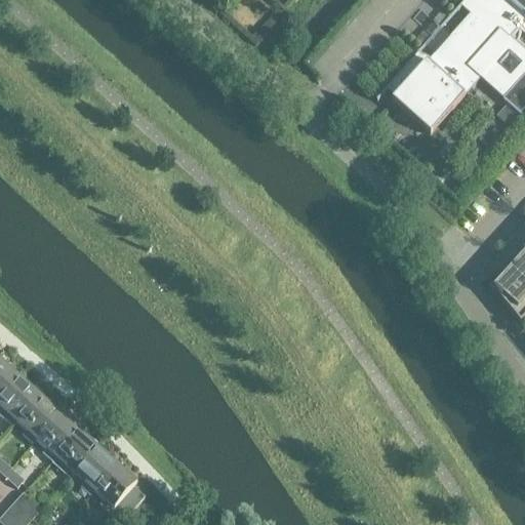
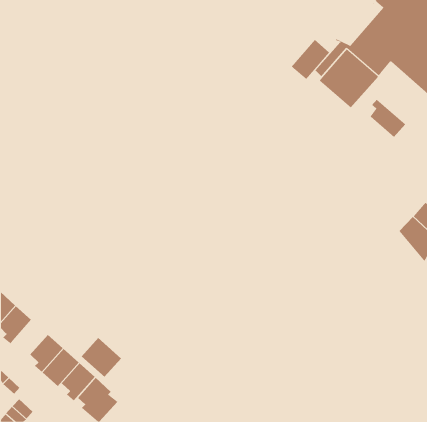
building: none -> [291,39,330,80]
building: none -> [365,99,406,138]
building: [17,392,59,439] -> none
building: none -> [81,337,122,378]

